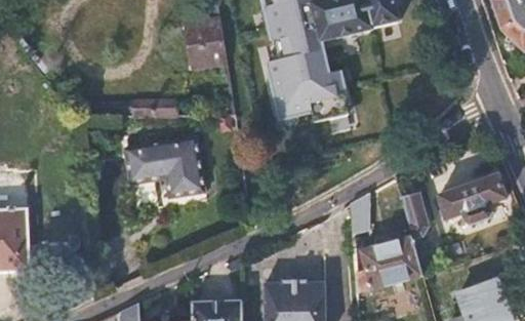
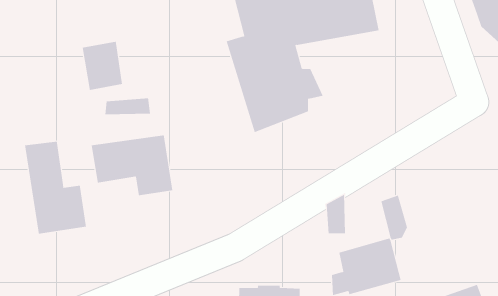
building: [186,18,226,67] -> [82,41,123,90]
building: none -> [24,141,87,235]
building: [437,172,506,219] -> none

